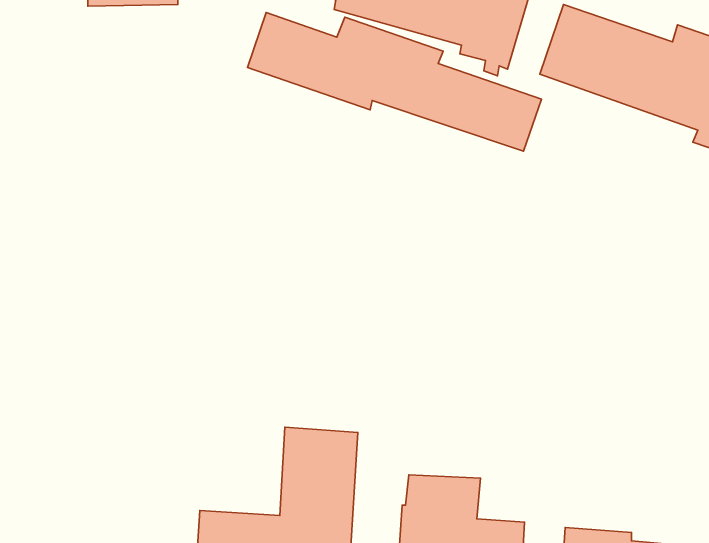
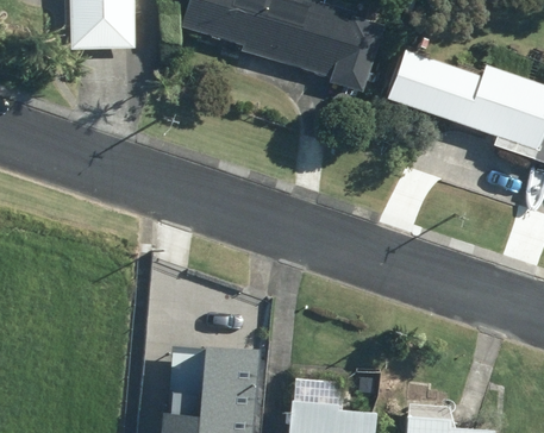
building: [247,13,542,151] -> none

